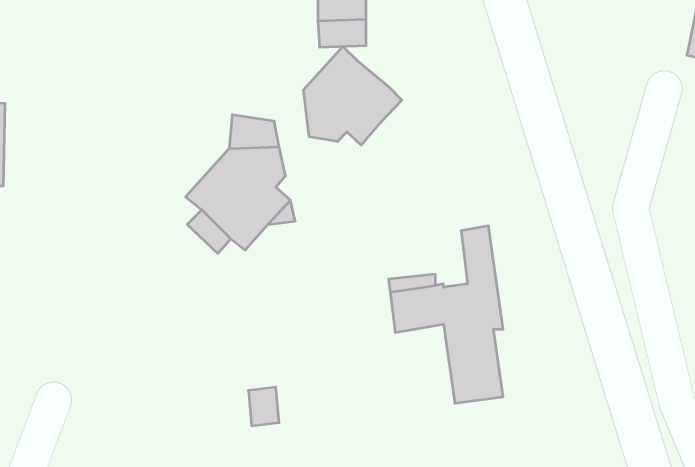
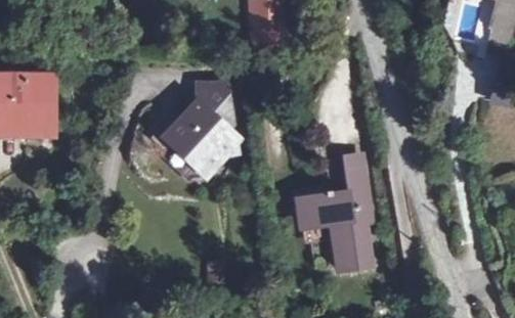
building: [304,46,402,145] -> none

